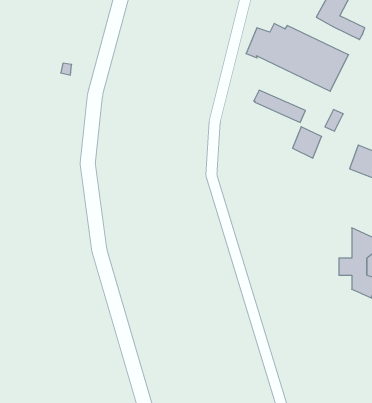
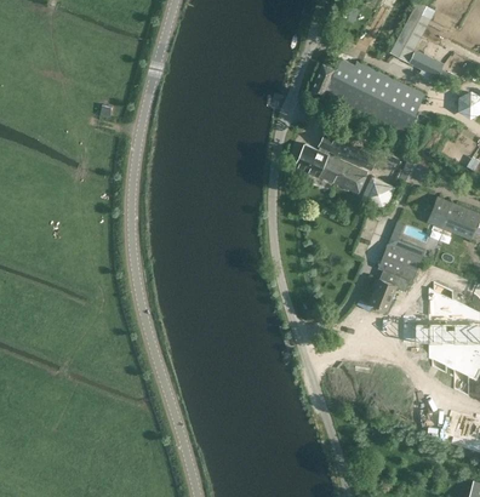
building: none -> [295,144,367,195]
building: none -> [370,222,432,310]

